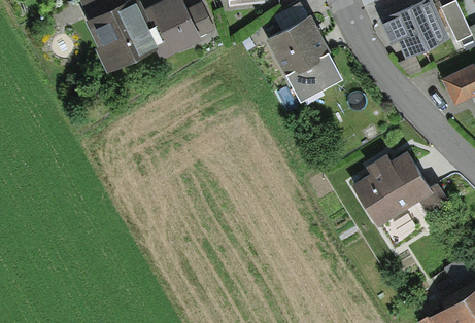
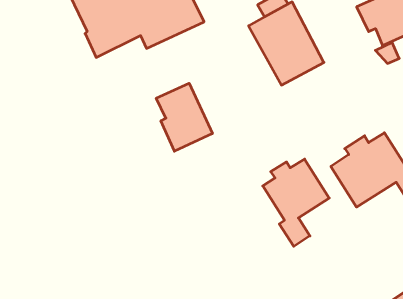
building: none -> [156,83,212,151]
building: none -> [263,159,329,246]

